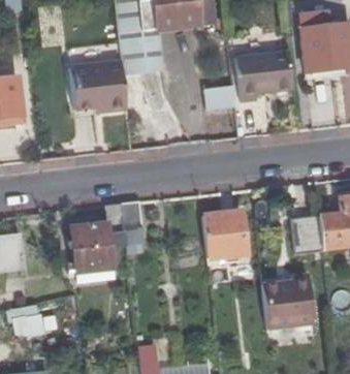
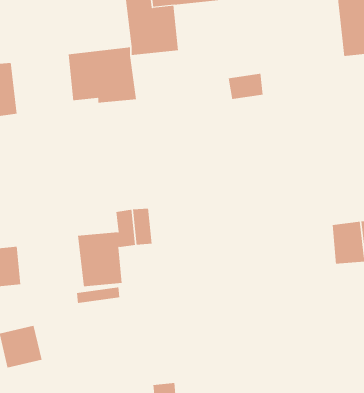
building: [235,51,293,101] -> none
building: [203,212,249,258] -> none
building: [263,274,315,330] -> none

